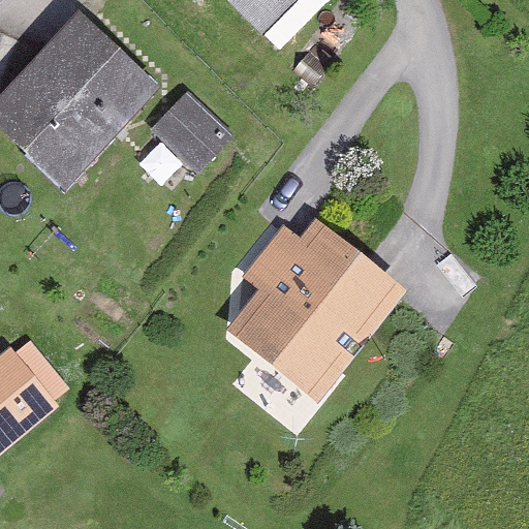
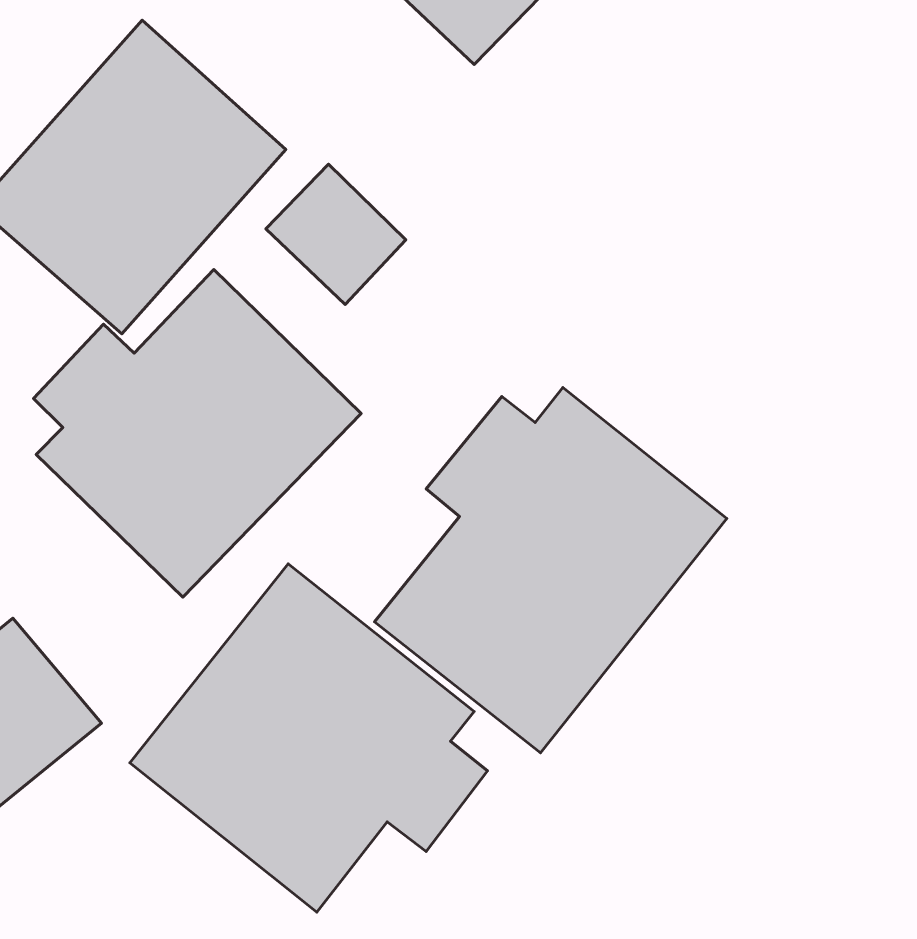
building: none -> [34,270,361,597]
building: none -> [130,564,488,912]

